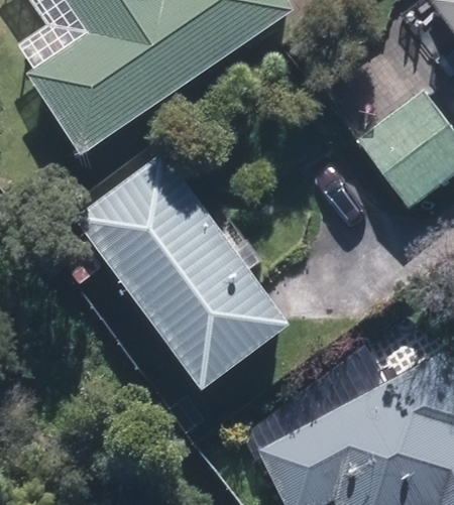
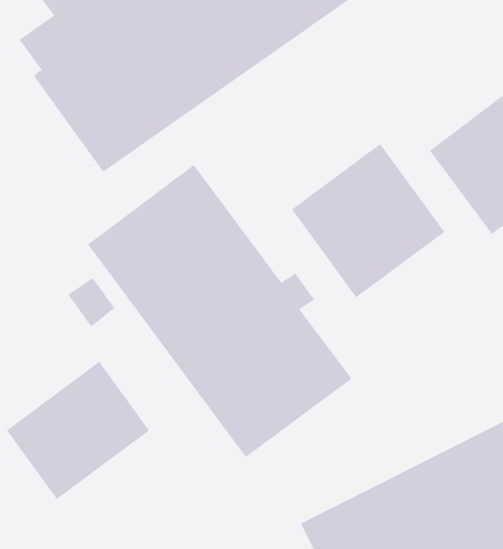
building: none -> [291,143,445,298]
building: none -> [6,361,150,500]

